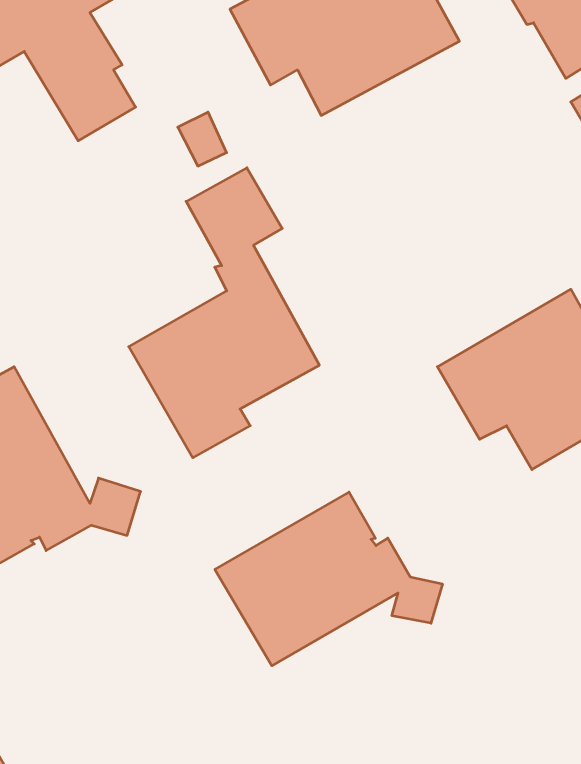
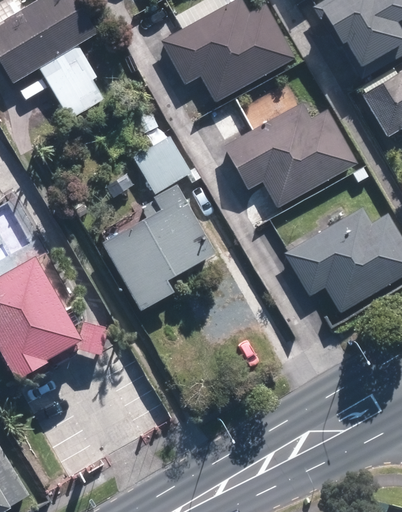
building: none -> [222,103,358,210]
building: [215,492,442,666] -> none

